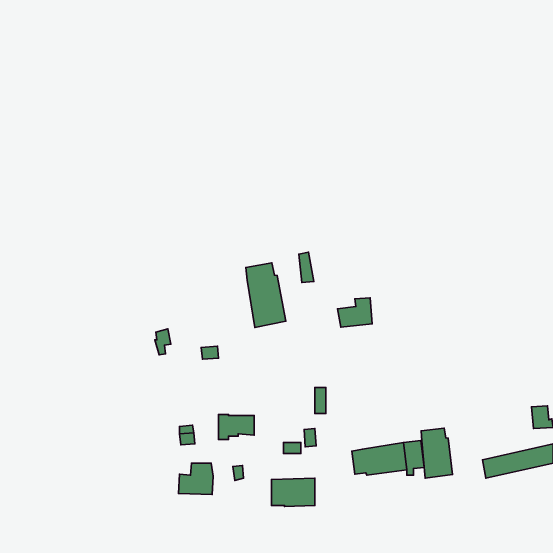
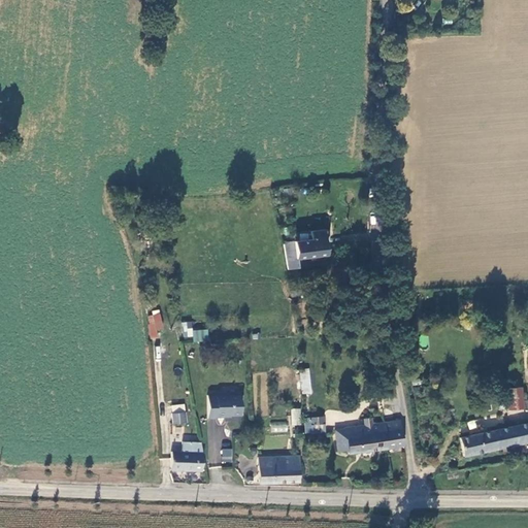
building: [246,263,286,327] -> none
building: [338,298,372,327] -> [294,230,327,258]
building: [421,428,453,478] -> none

